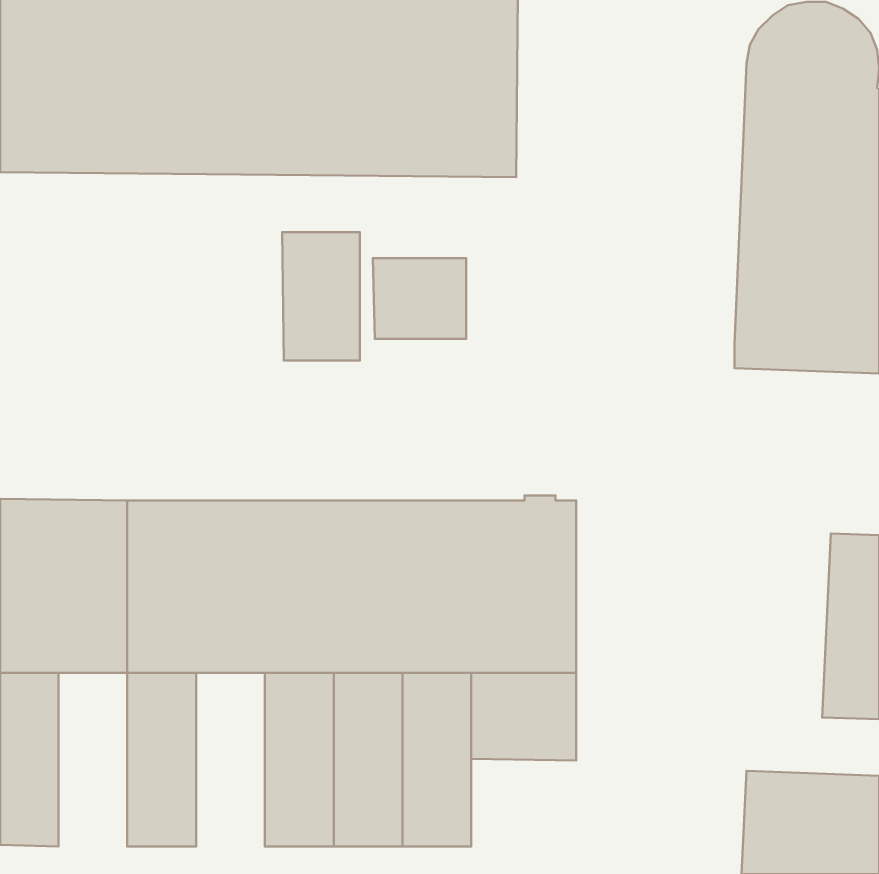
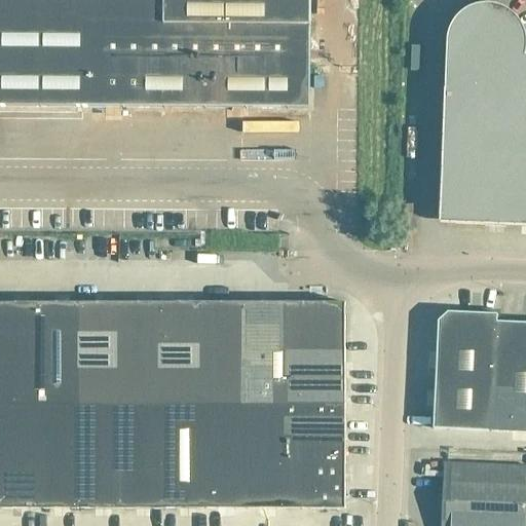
building: [282,232,360,360] -> none
building: [373,258,466,339] -> none
building: none -> [431,309,496,428]
building: none -> [35,402,76,505]
building: none -> [117,402,158,505]
building: none -> [281,453,344,505]

